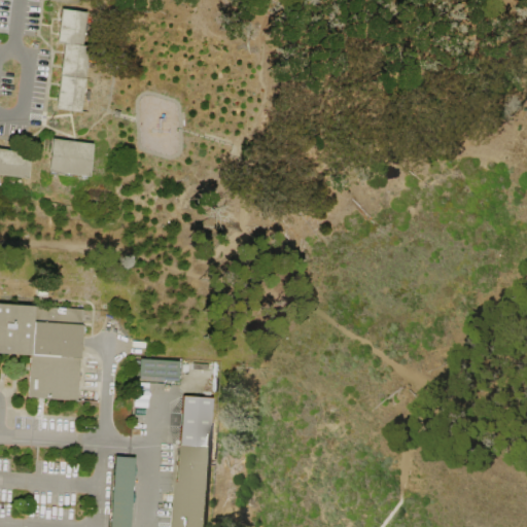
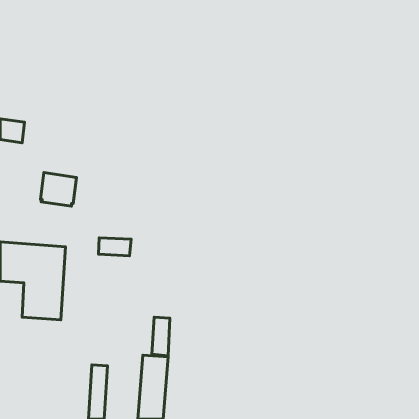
building: [56,8,90,112] -> none
building: [47,138,93,180] -> [40,172,77,206]
building: [139,359,180,382] -> [98,238,131,256]

